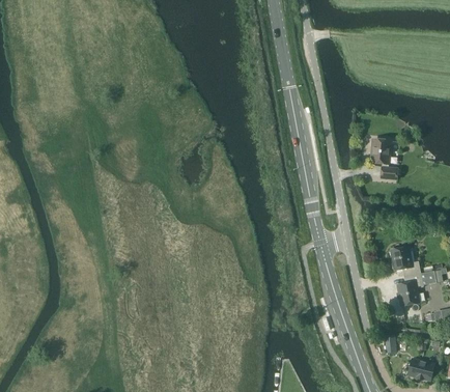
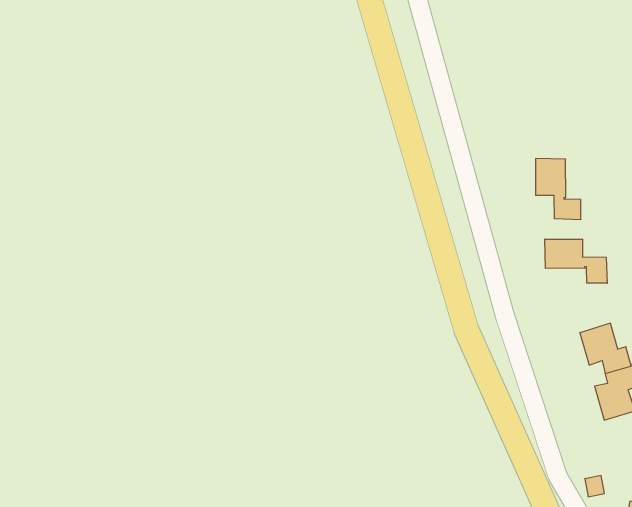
building: none -> [545,239,607,283]

